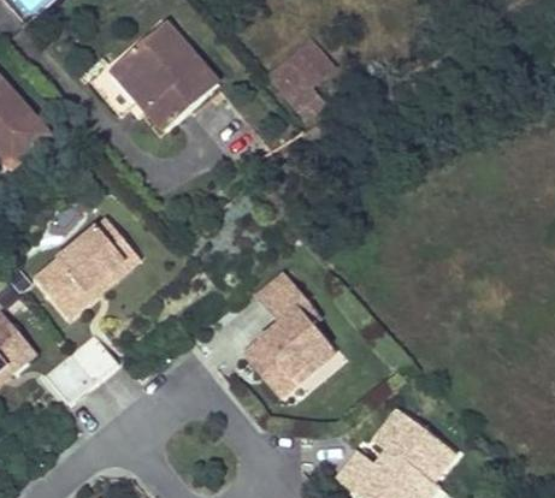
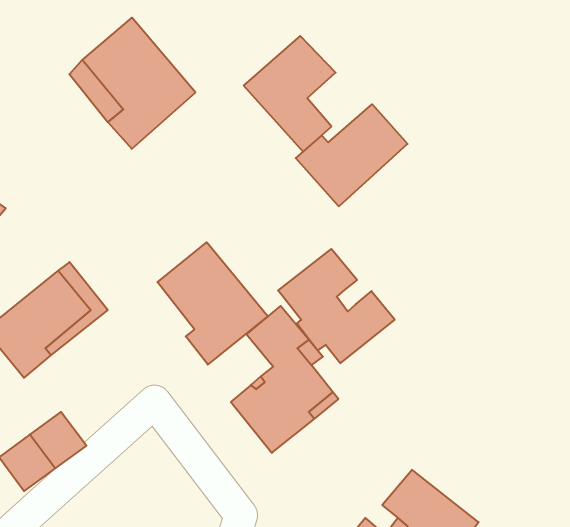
building: none -> [296,104,408,206]
building: none -> [157,242,268,365]
building: none -> [278,249,395,363]

